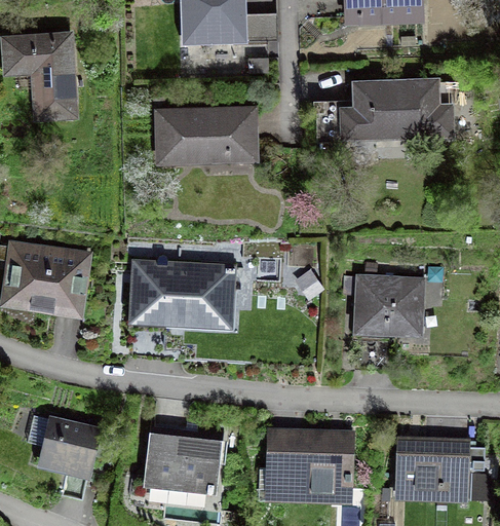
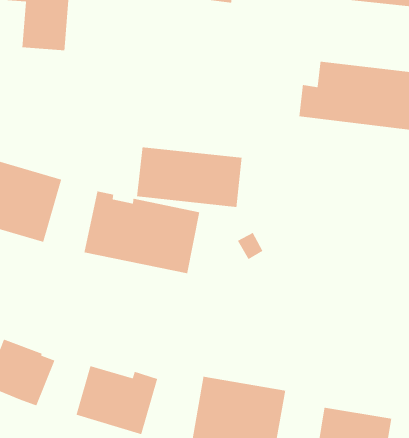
building: [151,106,258,162] -> [136,146,243,208]
building: [354,273,427,335] -> none

